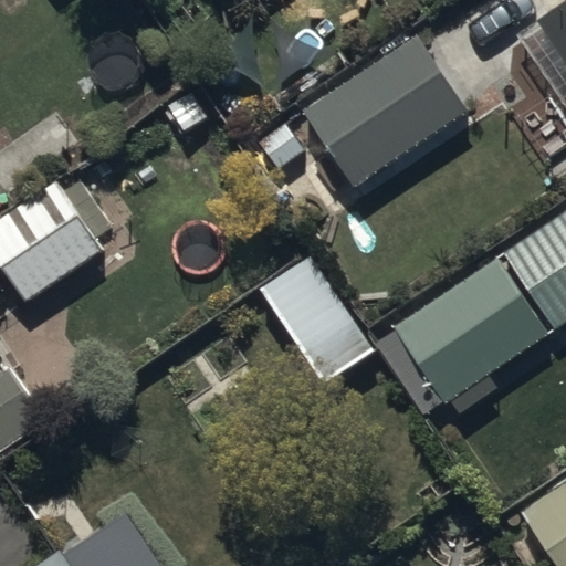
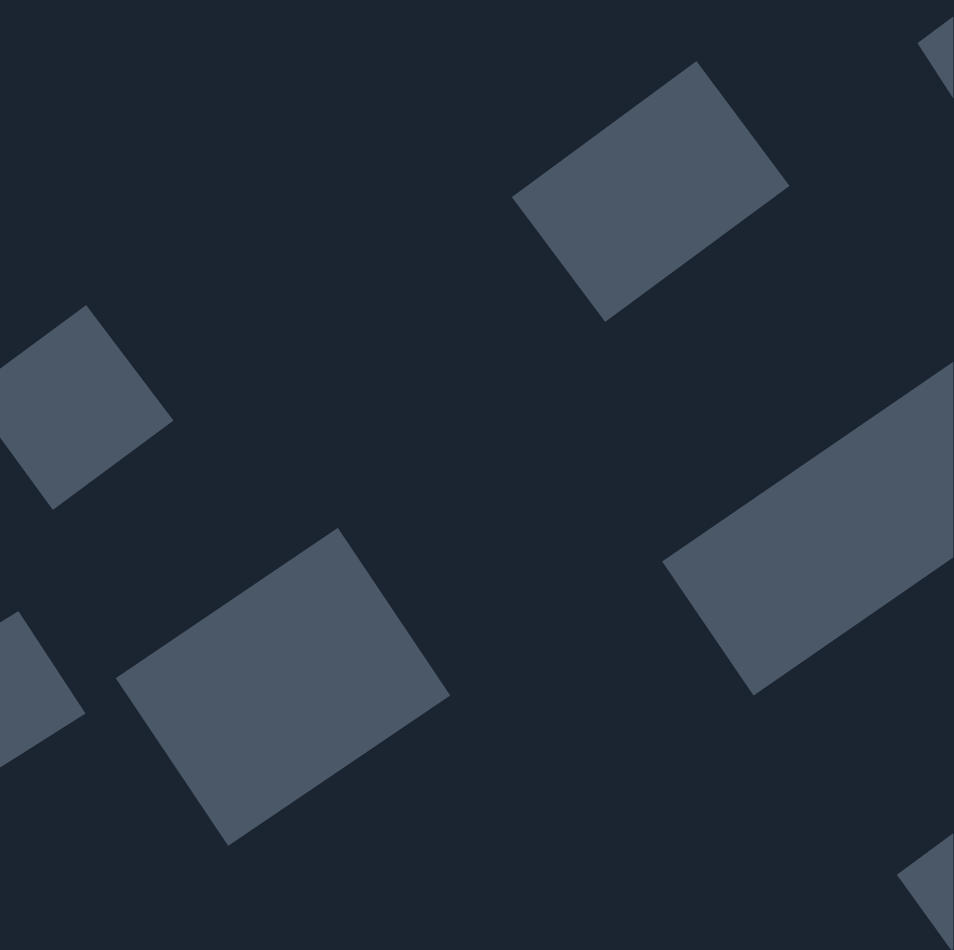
building: [260,253,376,384] -> none
building: none -> [115,527,451,847]

